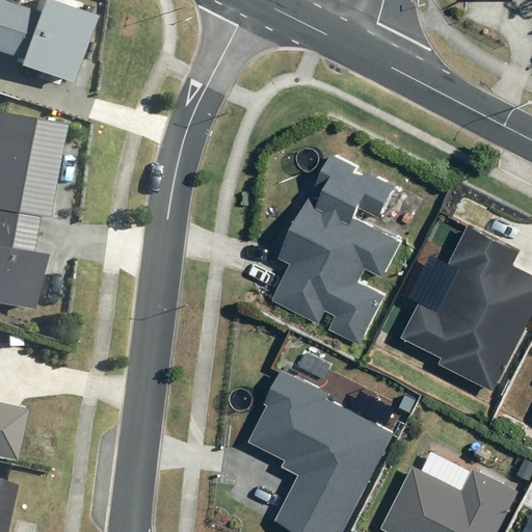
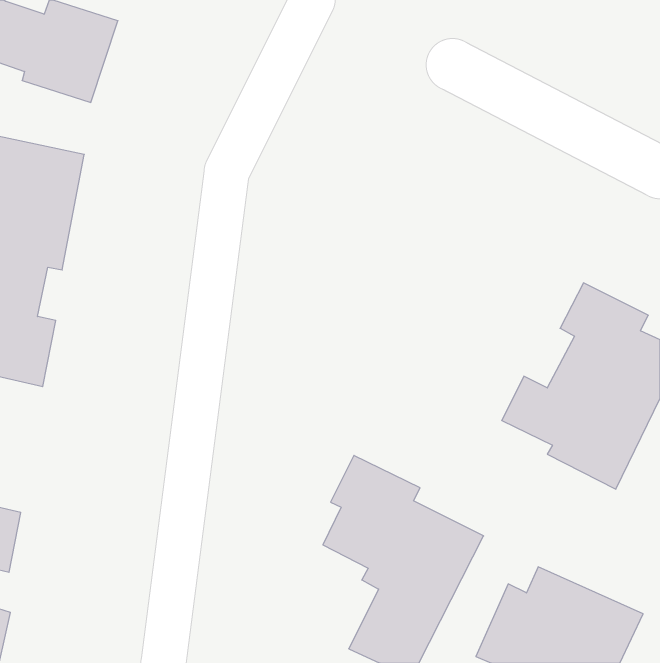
building: [272,154,401,344] -> none

